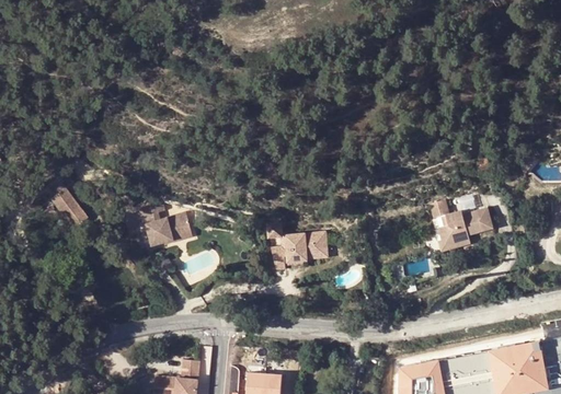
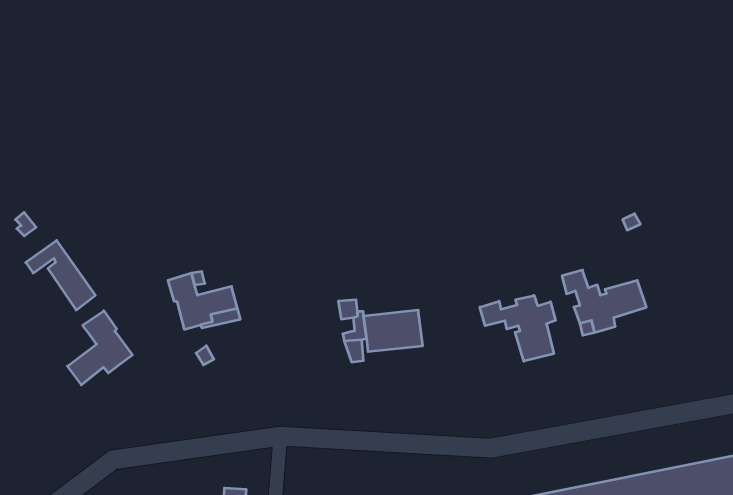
building: none -> [480,295,556,361]
building: none -> [67,311,132,385]

